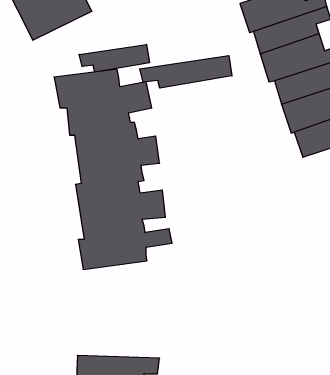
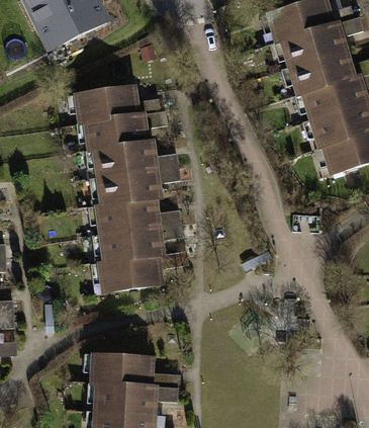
building: [79,44,149,72] -> none
building: [140,56,232,88] -> none
building: none -> [89,351,180,384]

